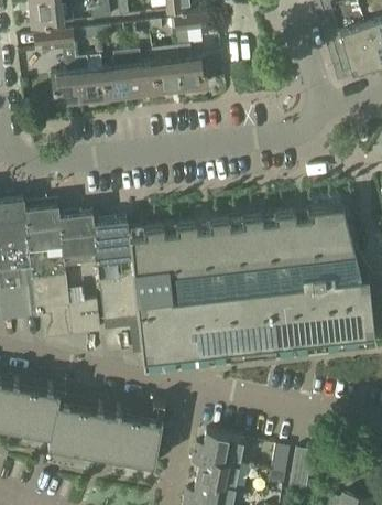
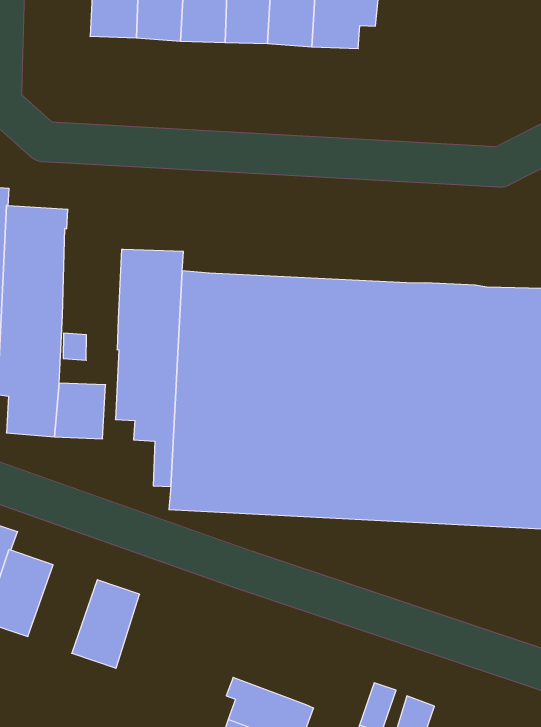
building: [58,211,97,265] -> none
building: [128,402,164,464] -> none
building: [75,407,109,455] -> none
building: [195,431,244,463] -> none

